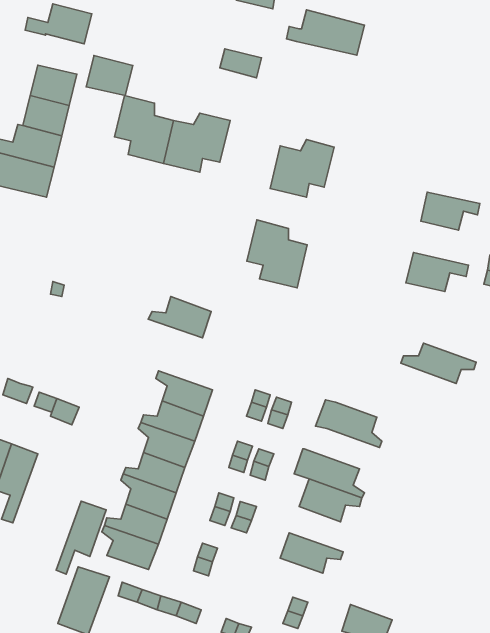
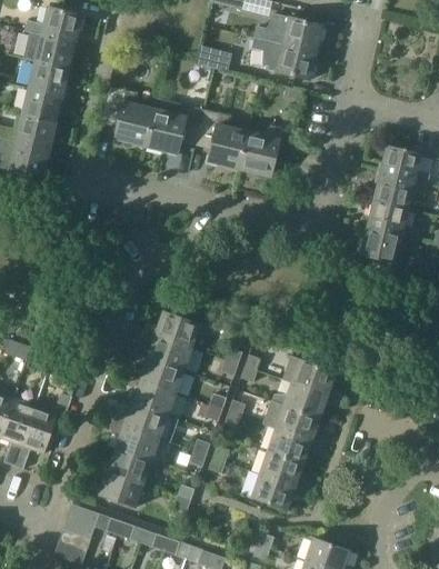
building: none -> [253,39,318,81]
building: [86,55,133,96] -> [36,34,77,70]
building: none -> [380,146,430,184]
building: [247,220,307,288] -> [197,111,250,171]
building: none -> [368,200,419,239]
building: [148,297,211,338] -> [142,312,198,349]
building: [401,343,476,383] -> [271,383,338,419]
building: [56,501,106,574] -> [13,406,58,470]
building: none -> [258,452,308,492]

